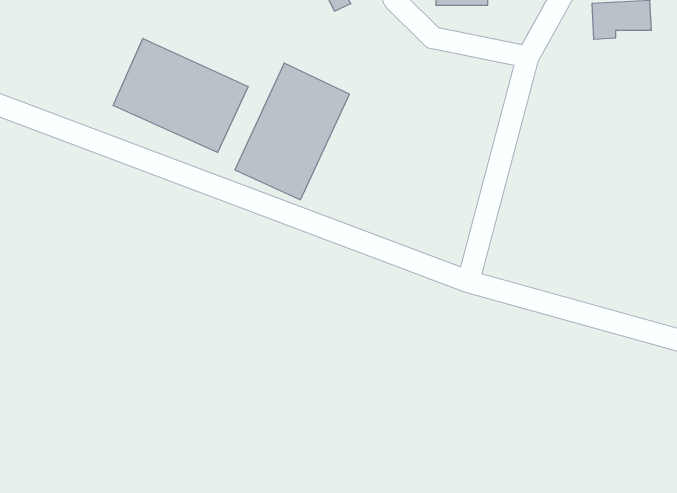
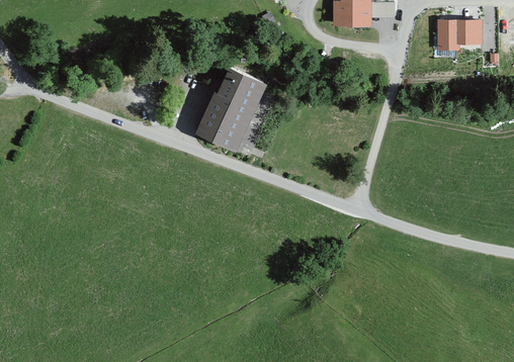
building: [113,38,248,153] -> none

